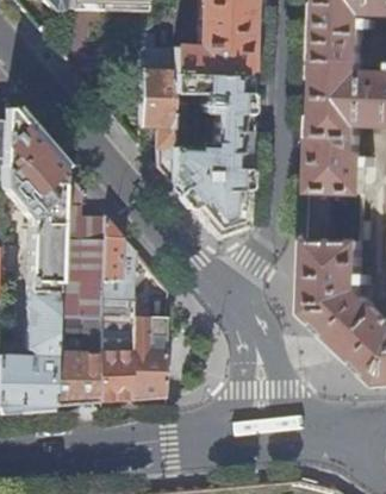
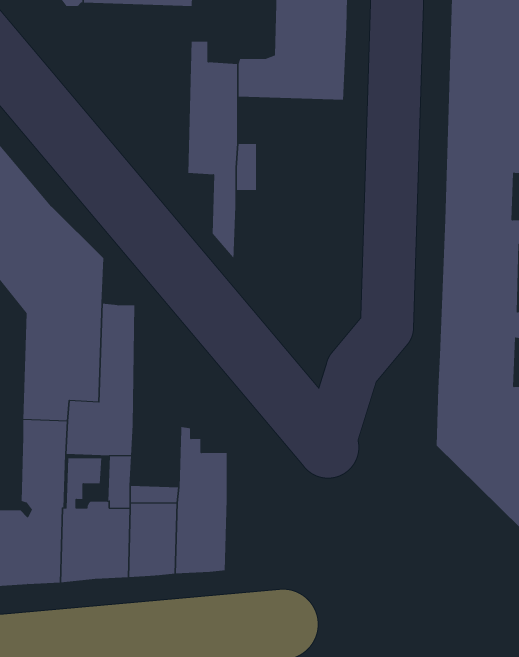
building: [172,73,247,233] -> none
building: [102,215,136,299] -> none

